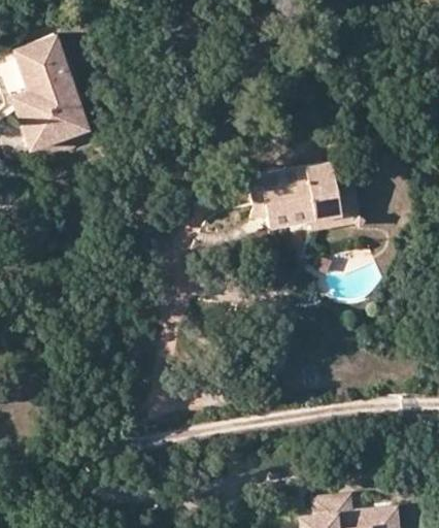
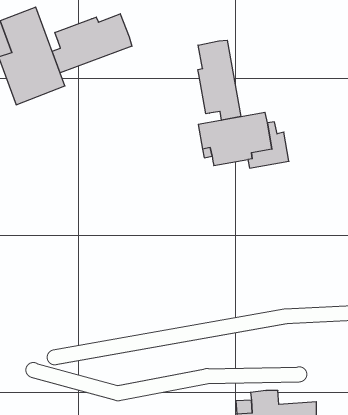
building: none -> [52,14,132,73]
building: none -> [198,40,241,120]

